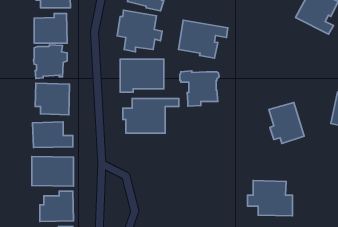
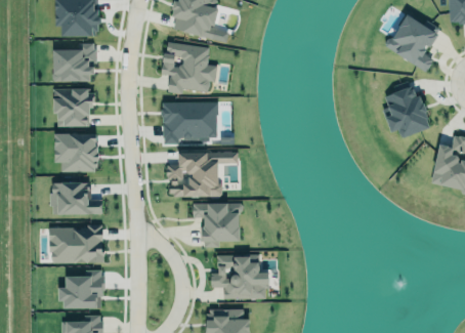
building: [179,20,228,58] -> none
building: [180,71,219,106] -> [194,203,244,248]
building: [269,102,304,143] -> [385,86,430,138]
building: [248,181,293,216] -> [211,255,268,300]

